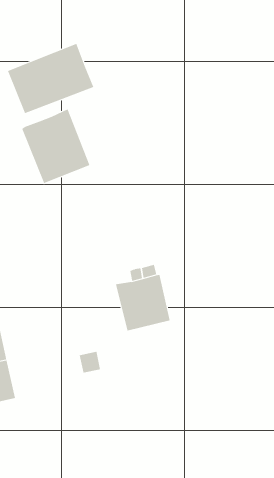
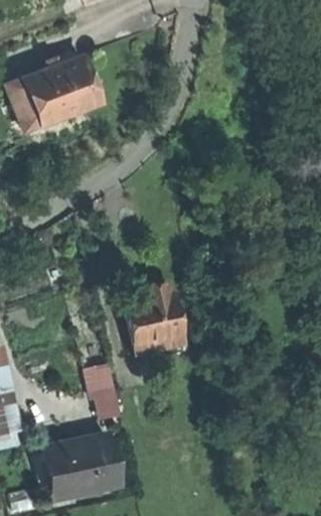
building: [21,108,90,184] -> none
building: none -> [43,437,118,501]

